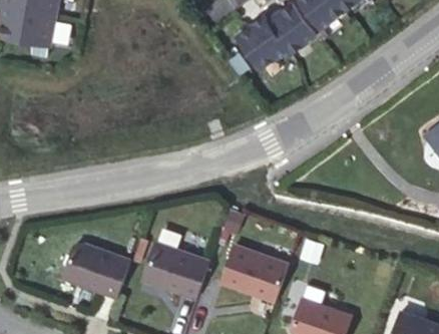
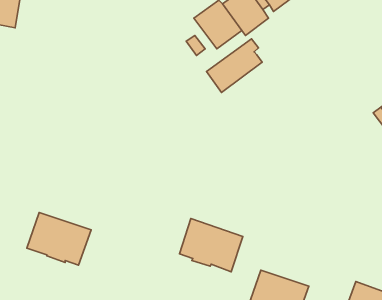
building: none -> [207,39,262,93]
building: [141,244,208,299] -> none

